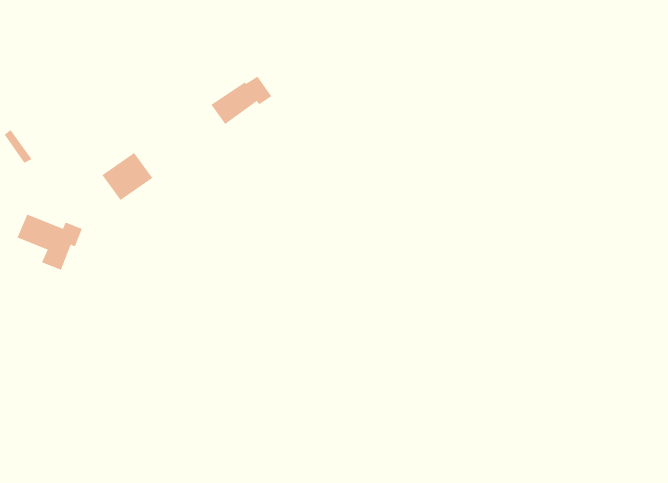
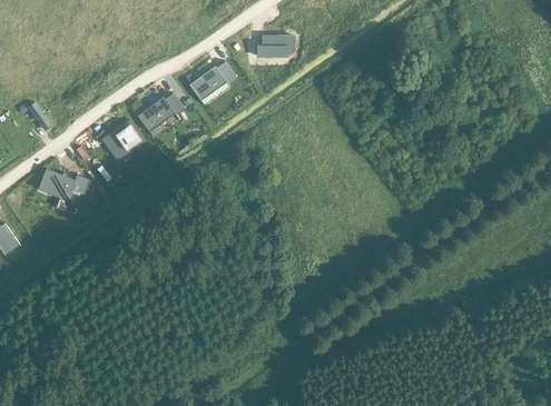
building: none -> [256,36,293,56]
building: none -> [137,96,174,130]

